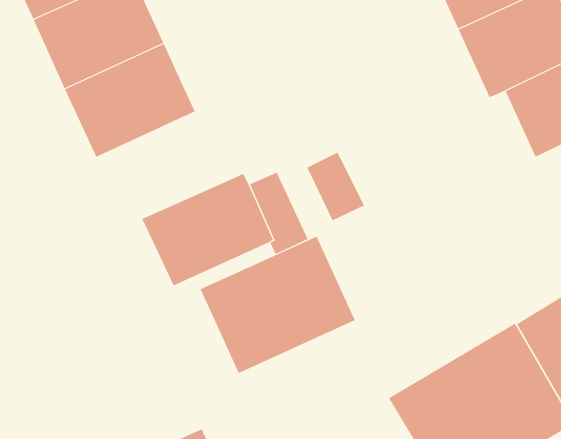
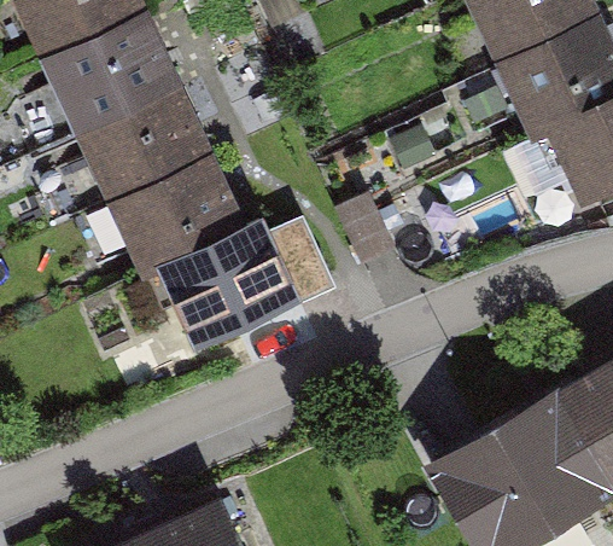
building: none -> [109,158,250,281]
building: [200,236,356,374] -> none

